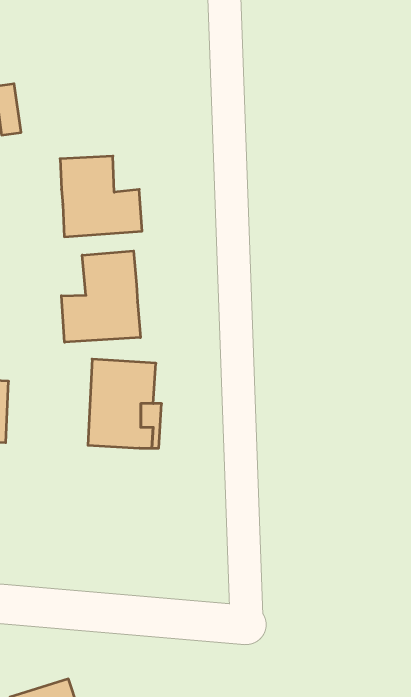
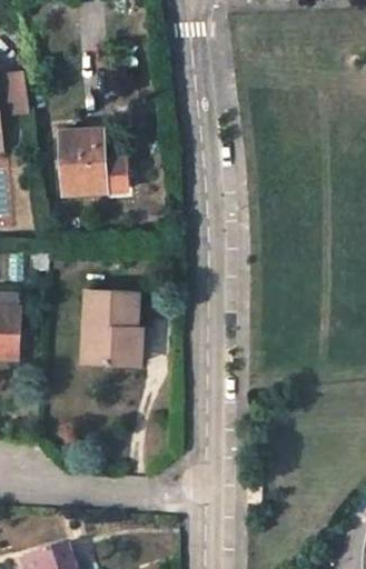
building: [61,251,140,342] -> none

